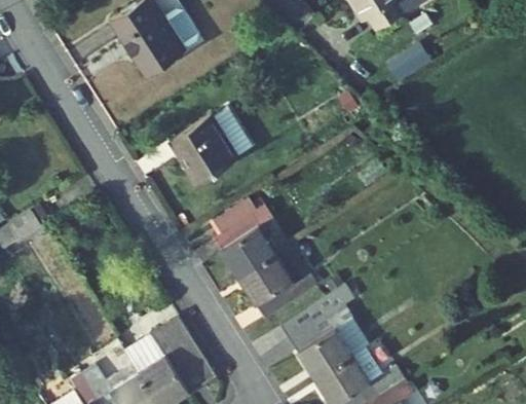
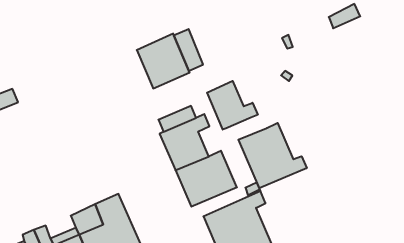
building: none -> [207,81,258,130]
building: none -> [238,123,307,188]

